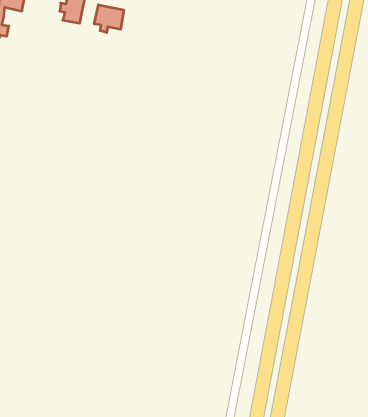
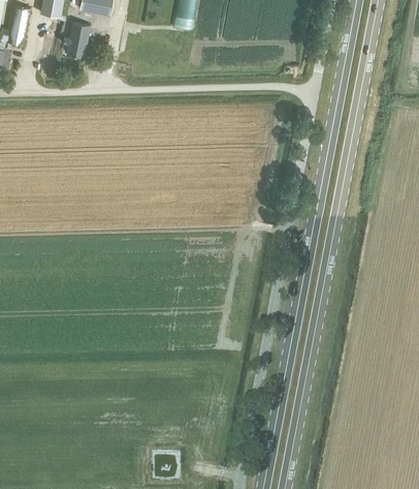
building: [94,5,124,33] -> none

